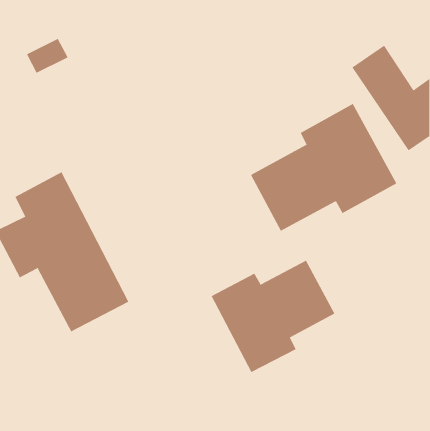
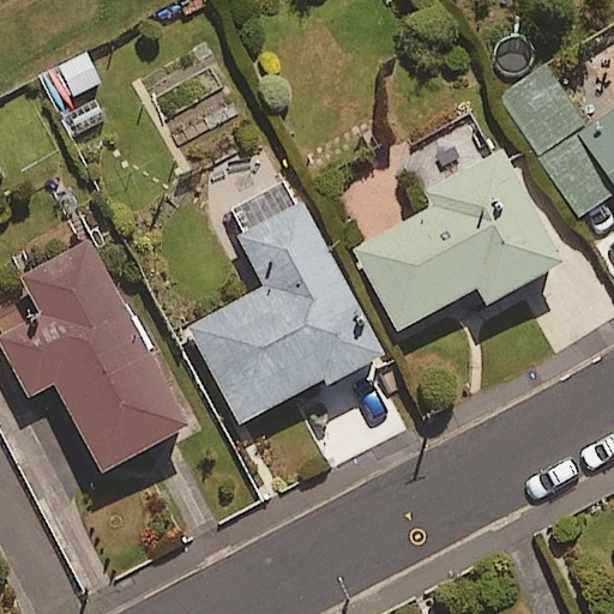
building: none -> [188,201,379,422]
building: [211,260,335,373] -> none

